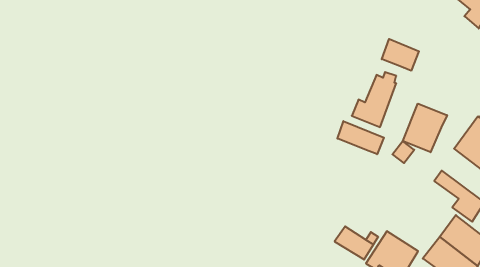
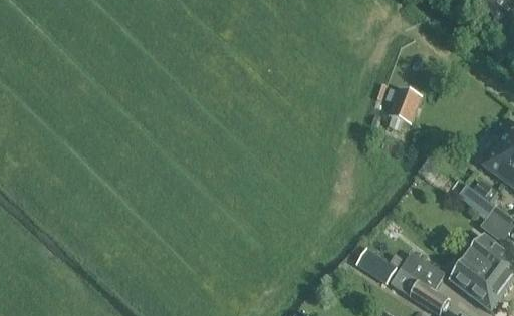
building: [382,39,419,71] -> none
building: [403,104,447,152] -> none
building: [337,121,384,154] -> none

